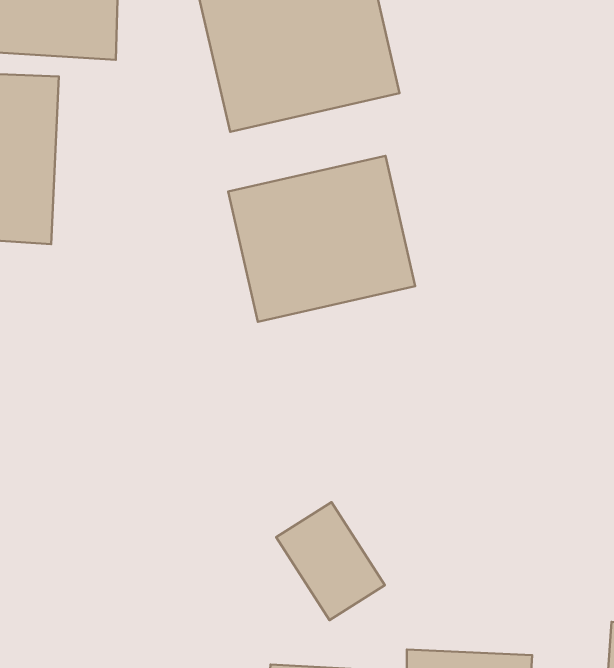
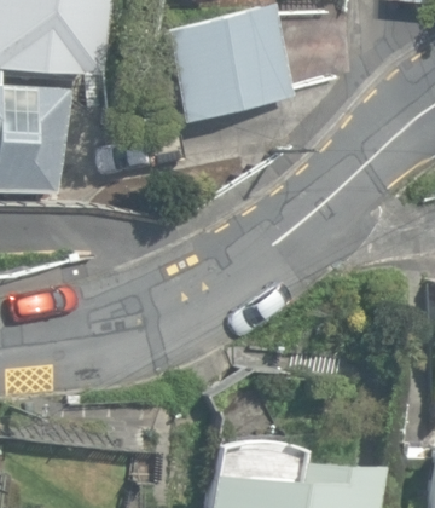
building: [228,156,415,322] -> none

